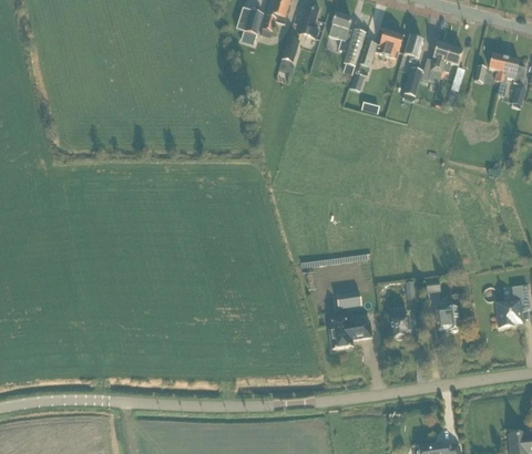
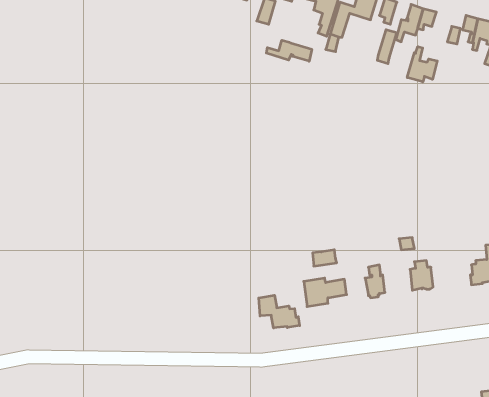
building: none -> [266,40,312,61]
building: none -> [407,47,437,82]
building: none -> [259,295,300,328]

